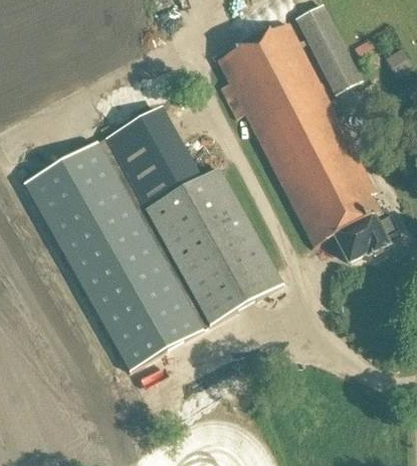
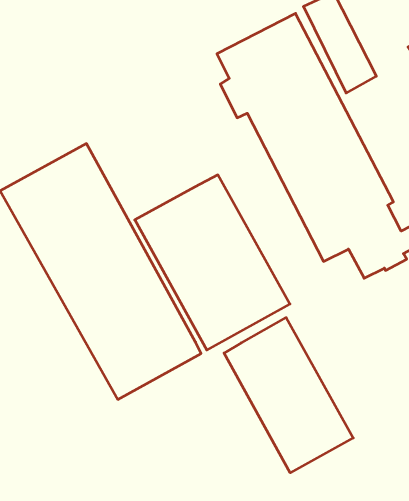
building: [105,104,202,206] -> none
building: none -> [224,318,353,473]

